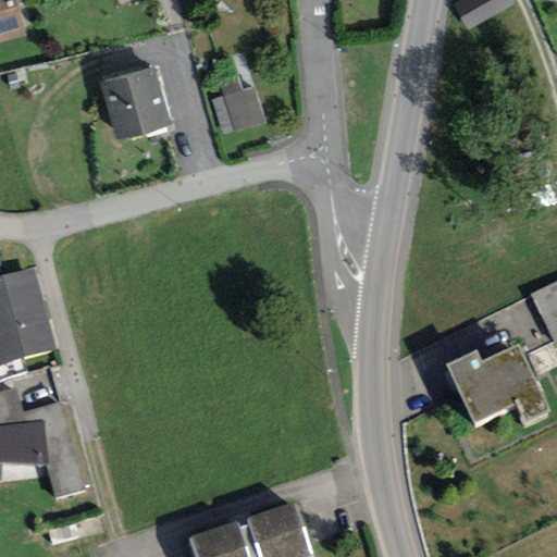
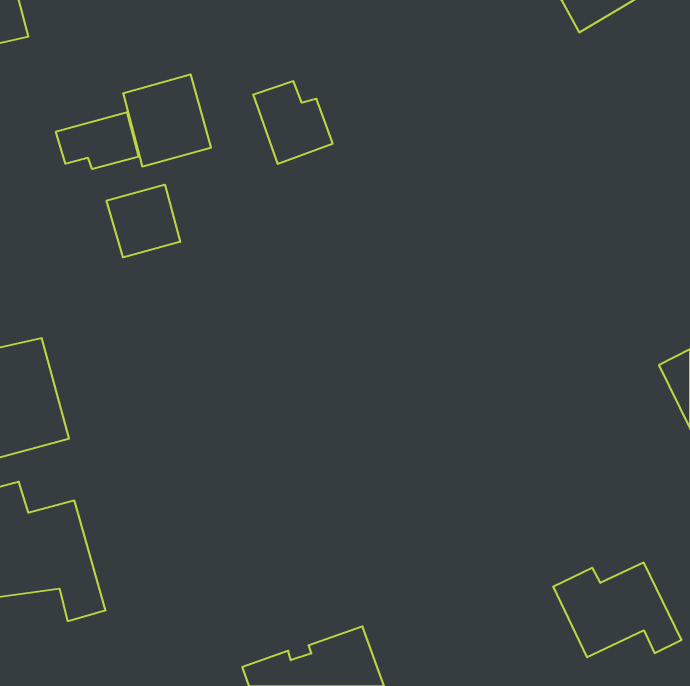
building: none -> [56,112,139,169]
building: none -> [107,185,180,257]
building: [444,352,547,429] -> [553,563,682,657]

